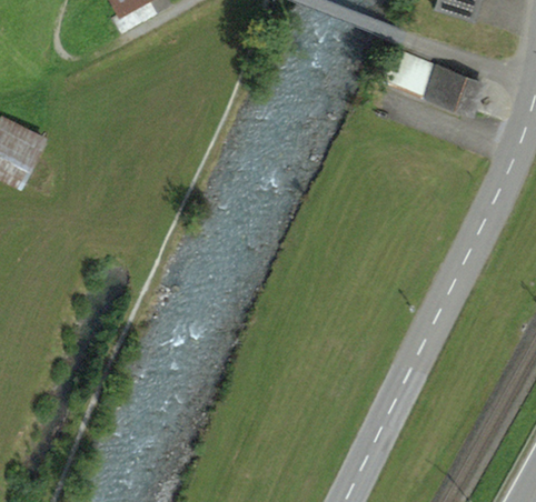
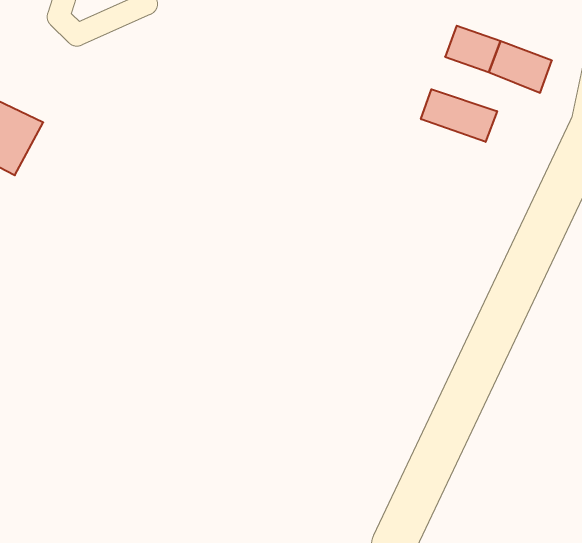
building: none -> [421,89,497,142]

